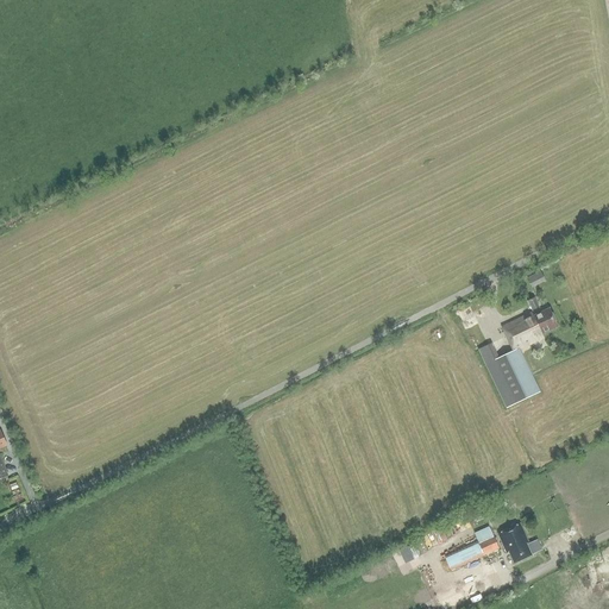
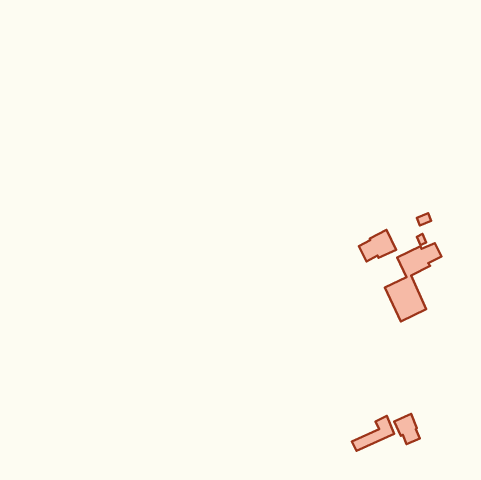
building: none -> [359,230,396,261]

